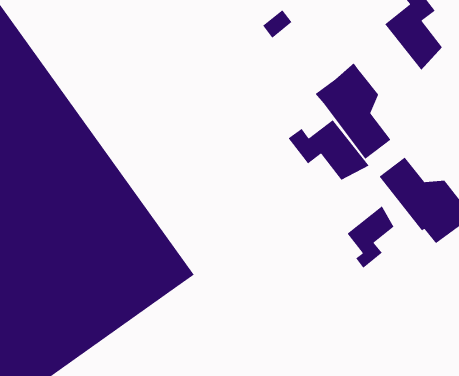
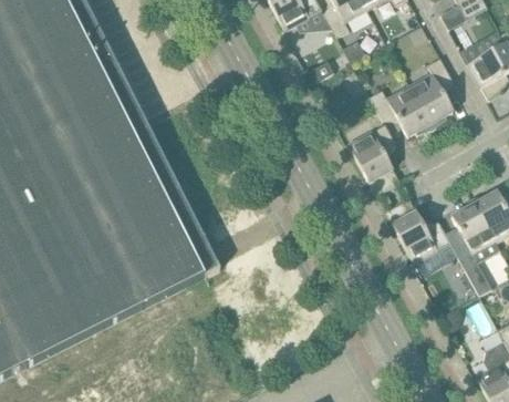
building: [287,119,370,181] -> [368,85,433,137]
building: [346,205,394,269] -> none

